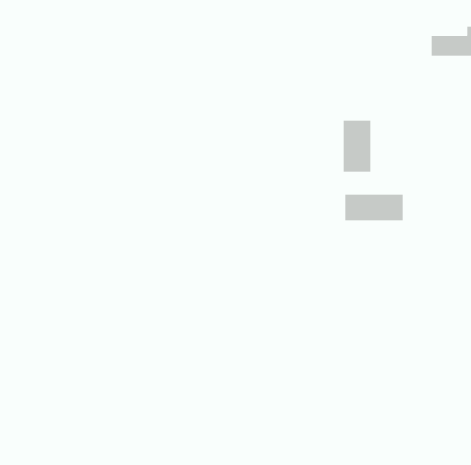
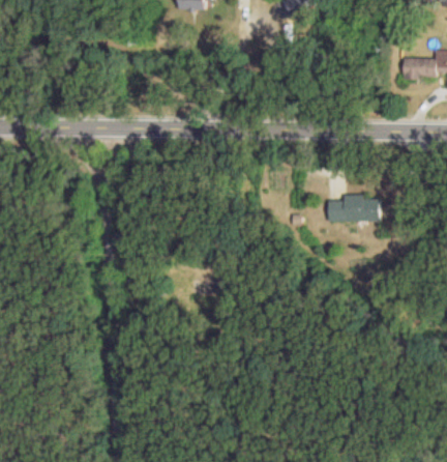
building: [343,120,371,172] -> none

